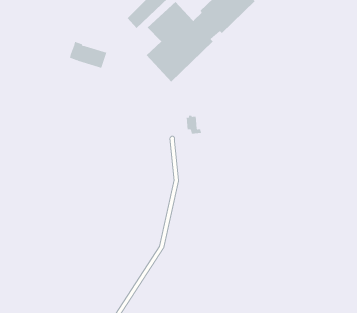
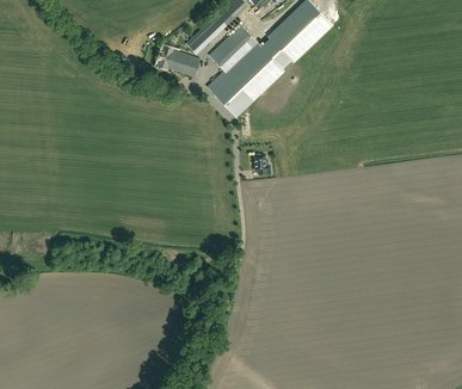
building: [69,41,107,68] -> [158,45,201,76]

